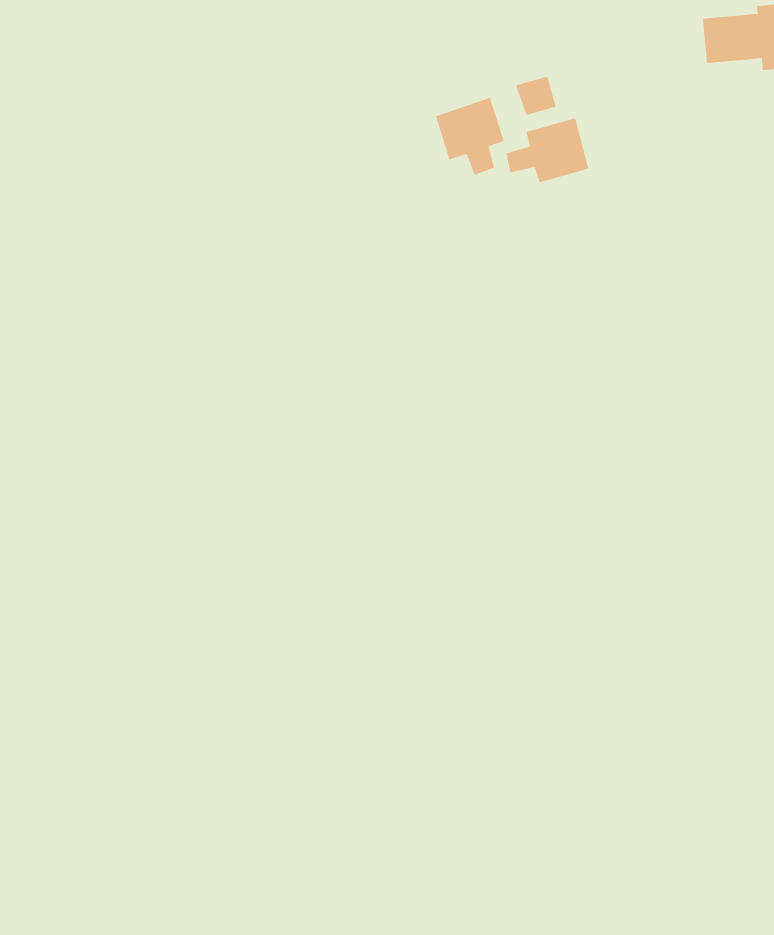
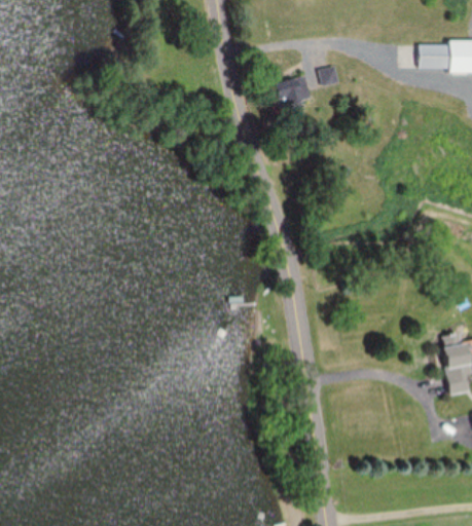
building: [506,117,589,183] -> none

